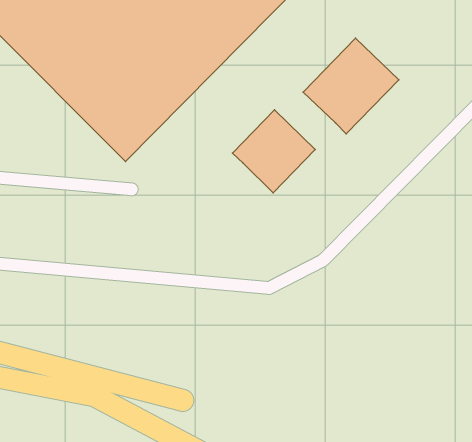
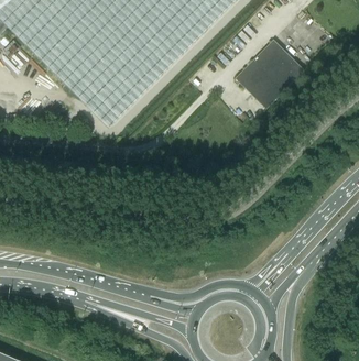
building: [233,110,315,193] -> none

